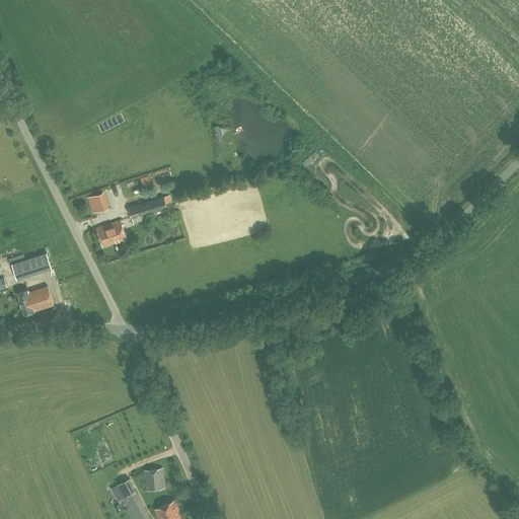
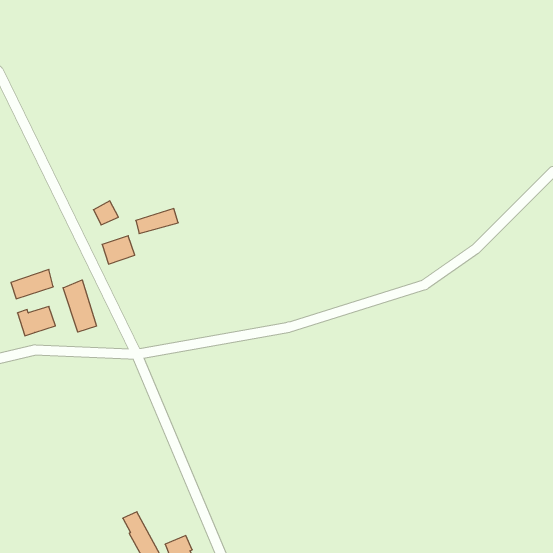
building: none -> [63,280,97,332]
building: [143,469,163,492] -> none

